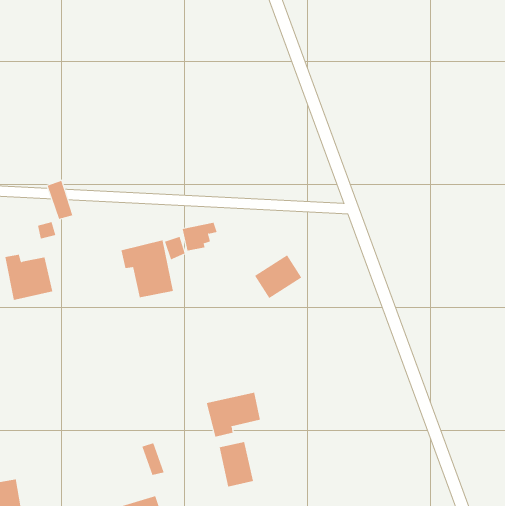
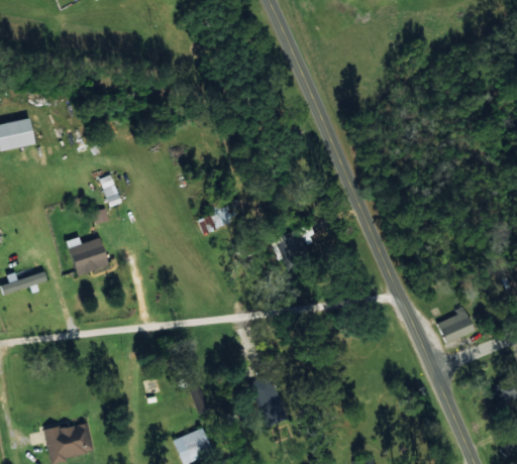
building: [121,240,174,298] -> none
building: none -> [437,307,475,344]
building: [206,392,261,437] -> none

